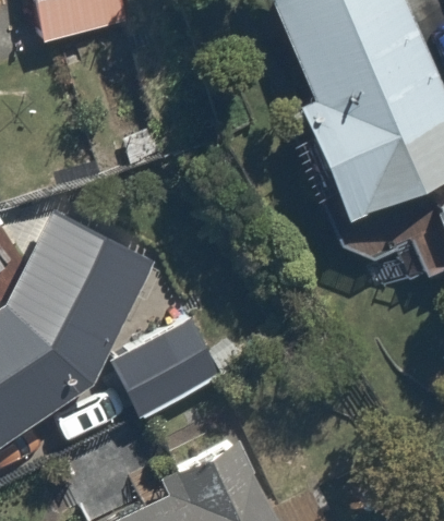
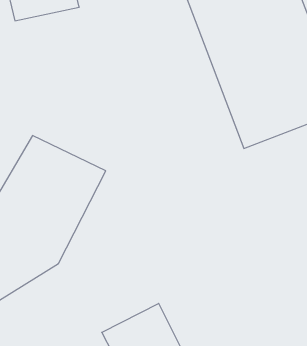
building: [108,308,233,419] -> none

